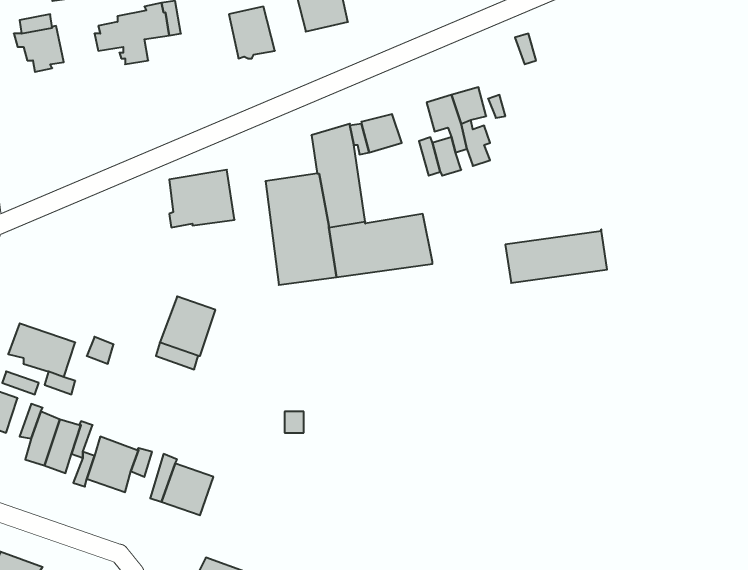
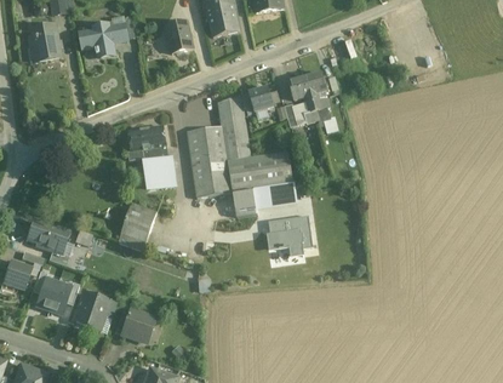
building: none -> [141,155,177,190]
building: [505,229,607,283] -> [232,182,296,216]
building: none -> [265,215,313,257]

